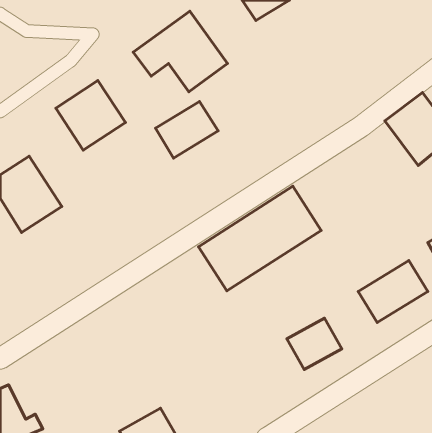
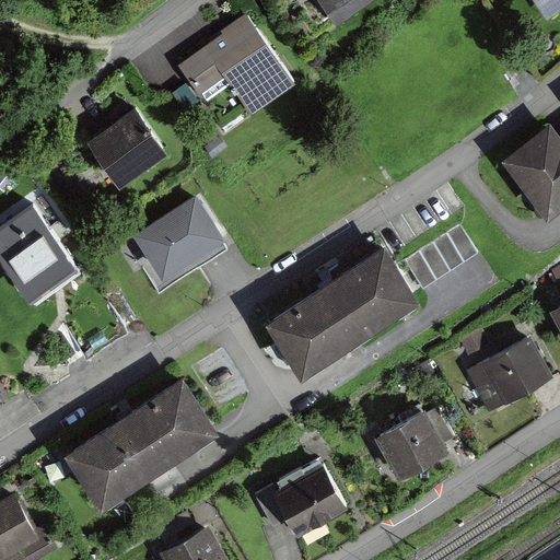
building: [156,102,218,158] -> [149,207,229,279]
building: none -> [59,382,211,506]
building: none -> [269,470,348,540]

